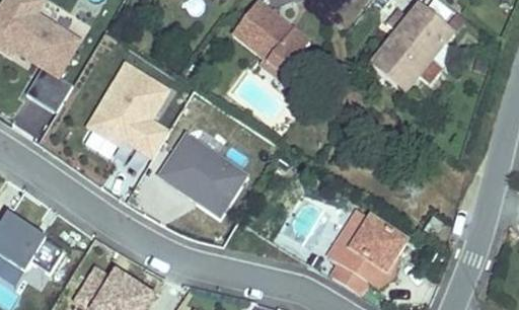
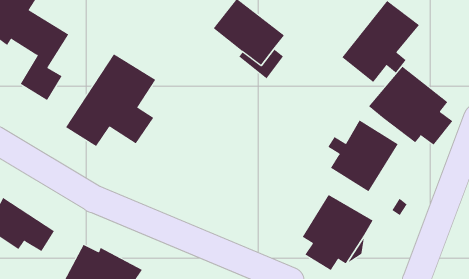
building: none -> [368,66,453,145]
building: none -> [328,119,399,192]
building: [159,132,245,210] -> none

